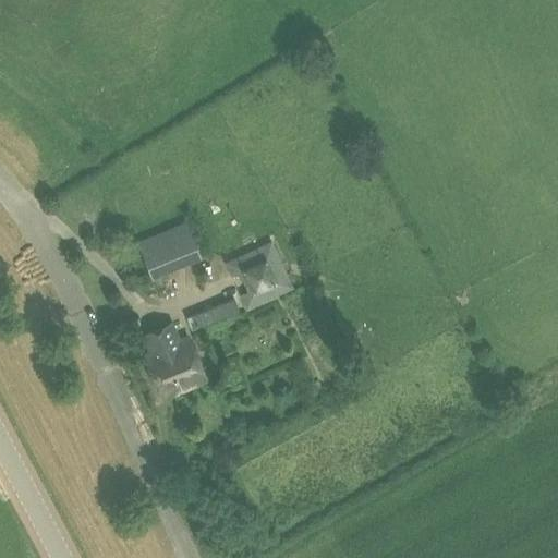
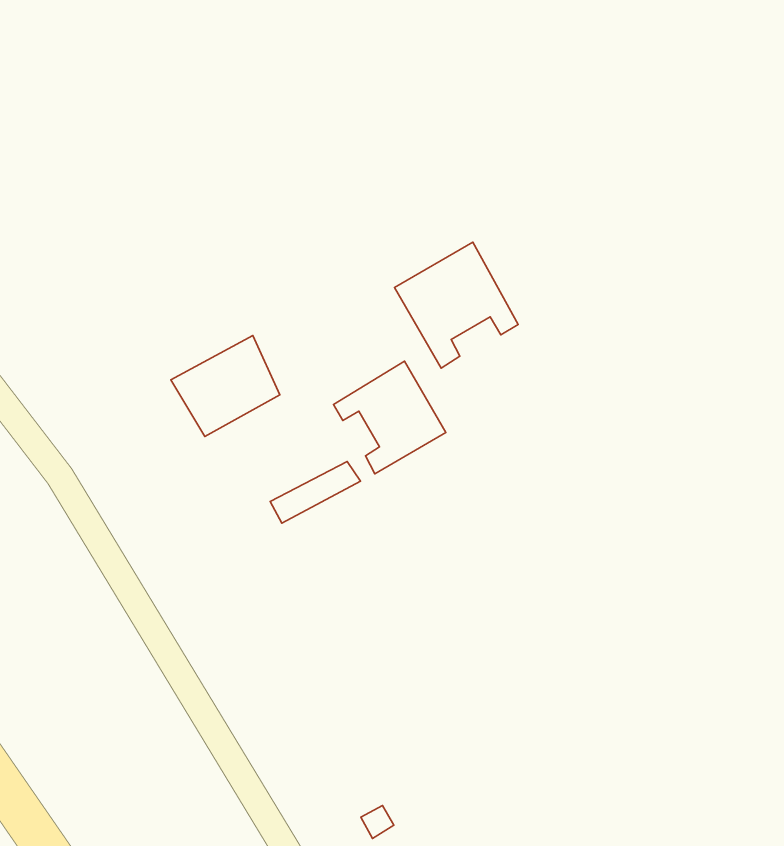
building: none -> [395,242,518,368]
building: [145,326,207,401] -> none

